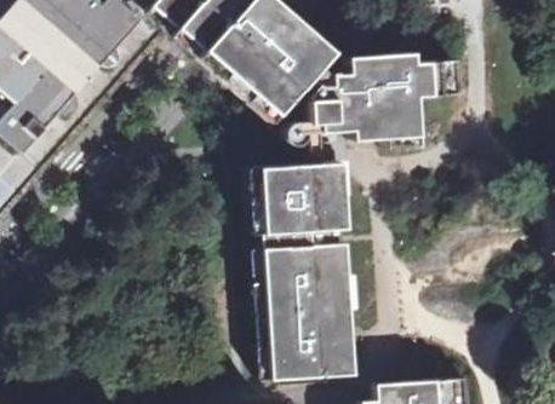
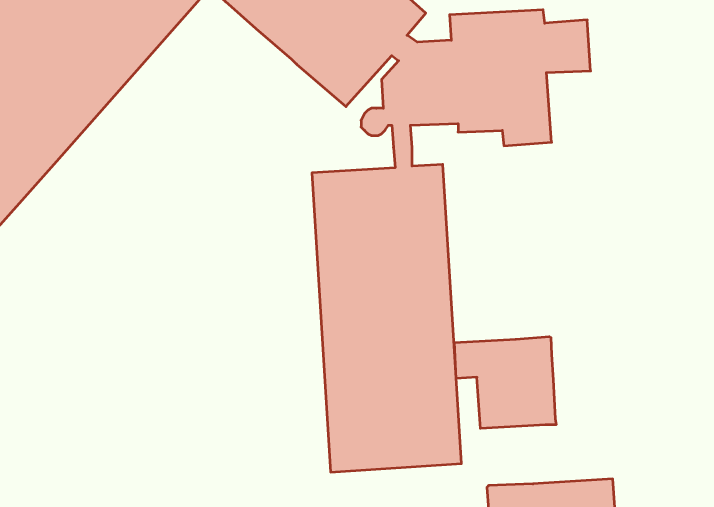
building: none -> [454,337,556,428]

